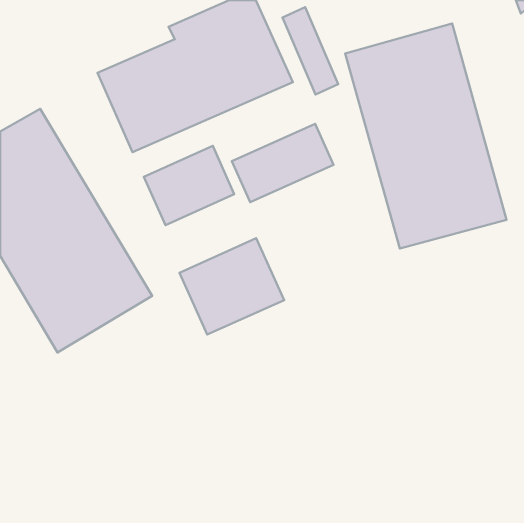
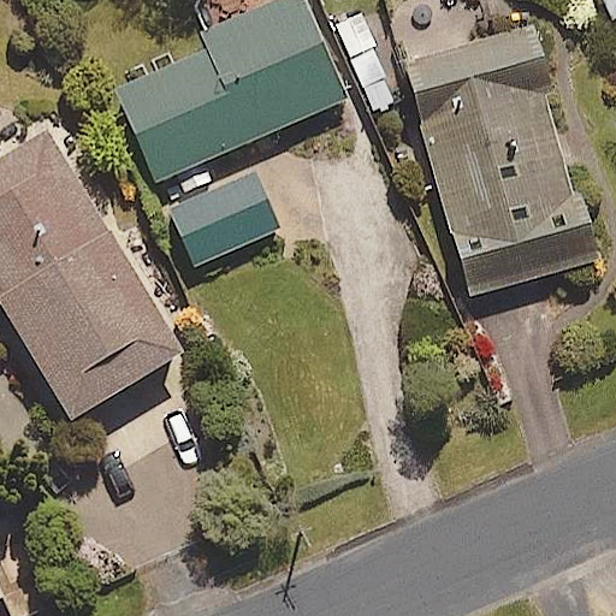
building: [232,124,333,202] -> none
building: [179,238,284,334] -> none

